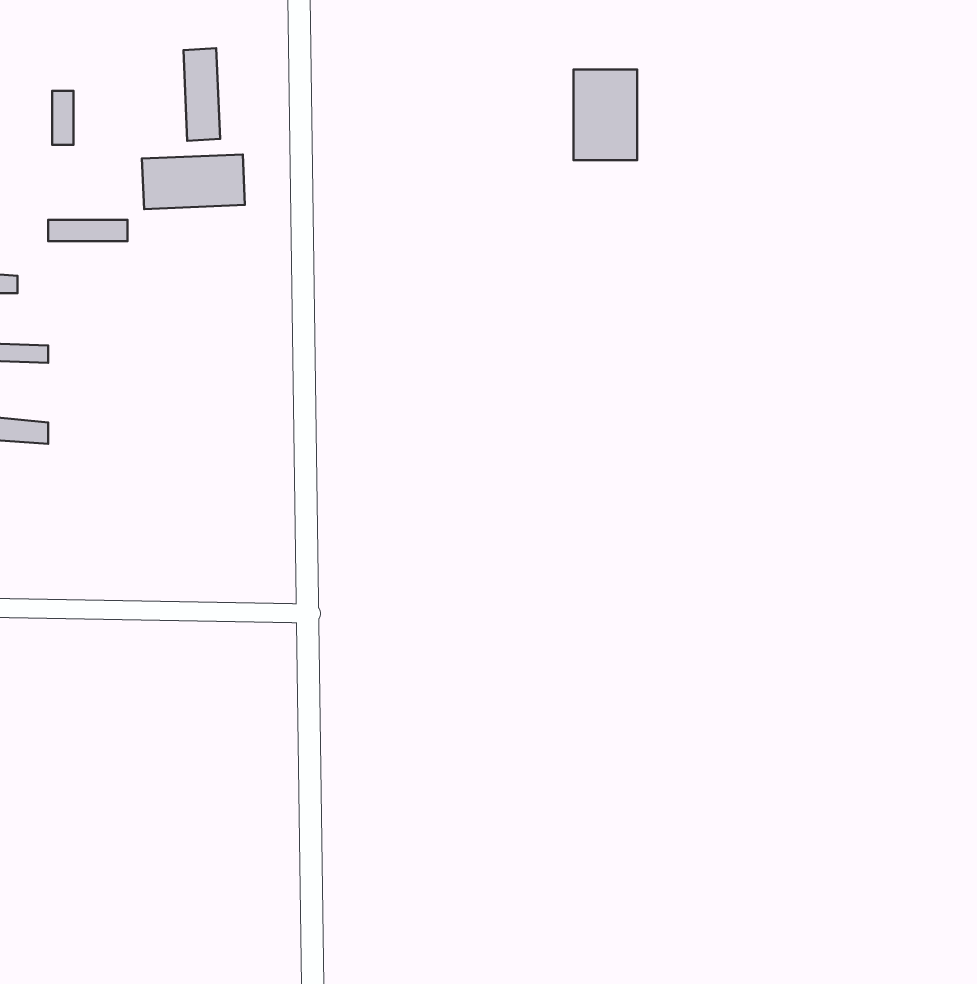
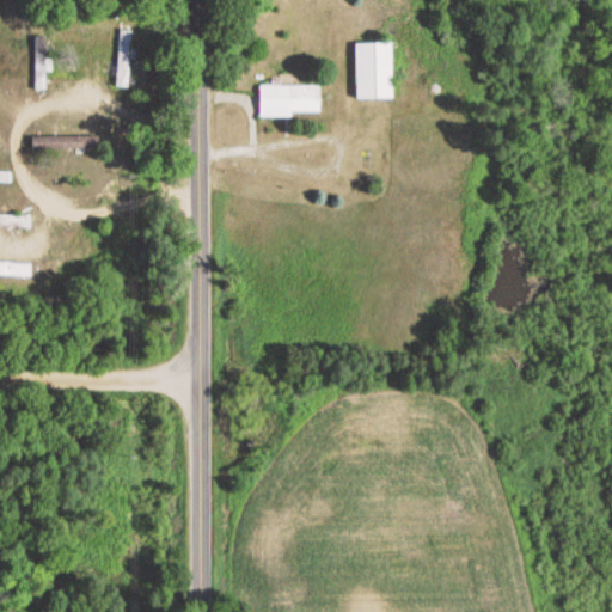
building: none -> [258,84,322,115]
building: [142,154,245,209] -> none

